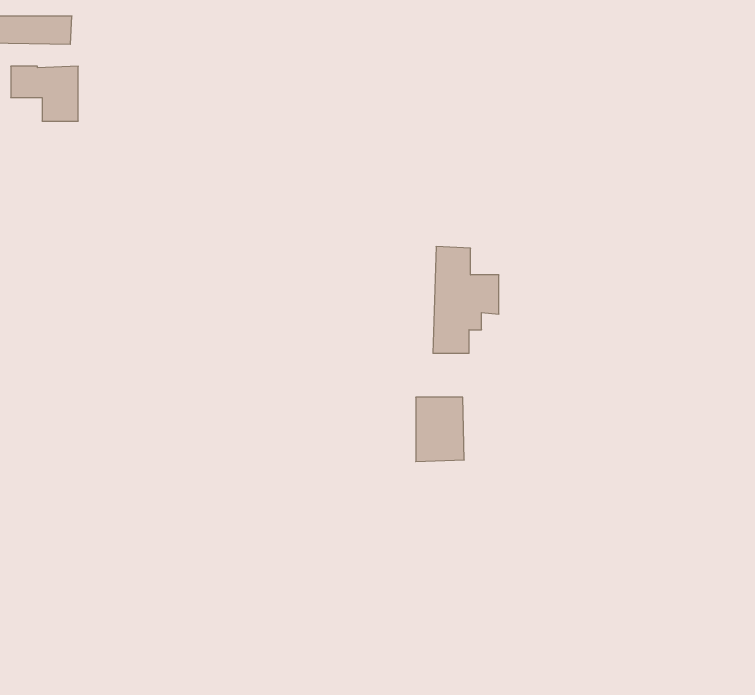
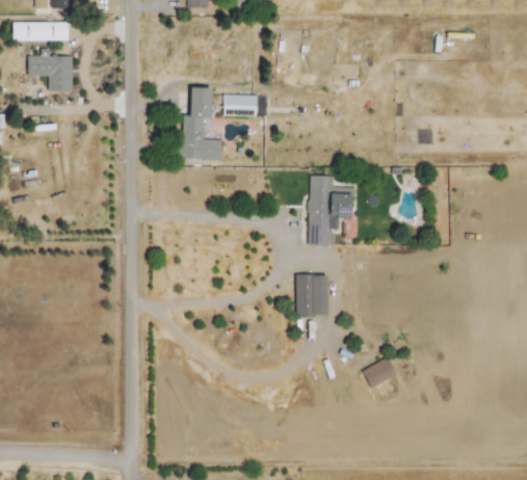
building: none -> [177,86,221,159]
building: none -> [223,94,258,115]
building: none -> [363,356,397,388]

